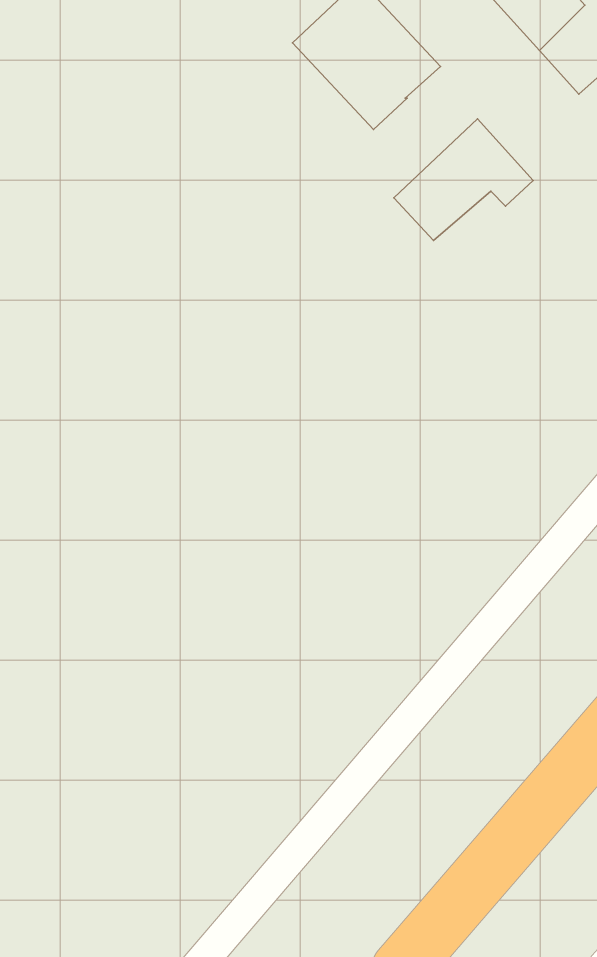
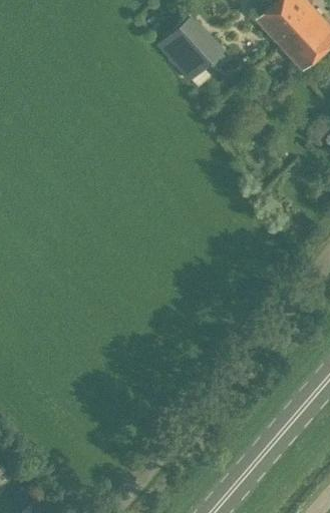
building: [394,119,533,241] -> none

